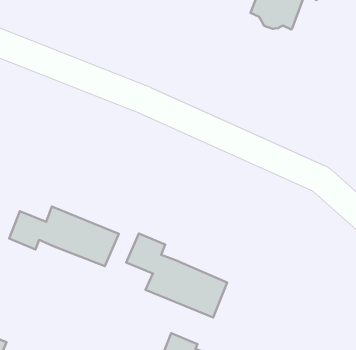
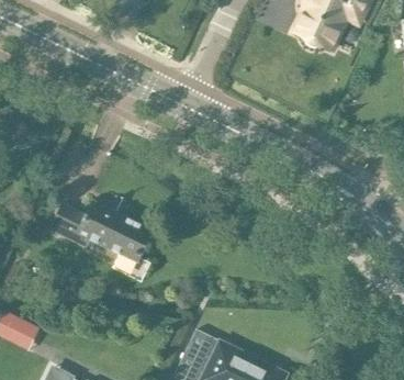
building: [126,234,227,318] -> none

